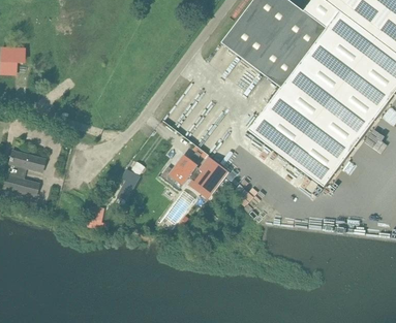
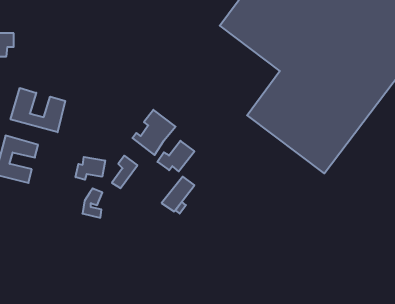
building: none -> [11,88,65,132]
building: [187,155,230,199] -> [132,110,176,155]
building: none -> [76,157,105,180]

